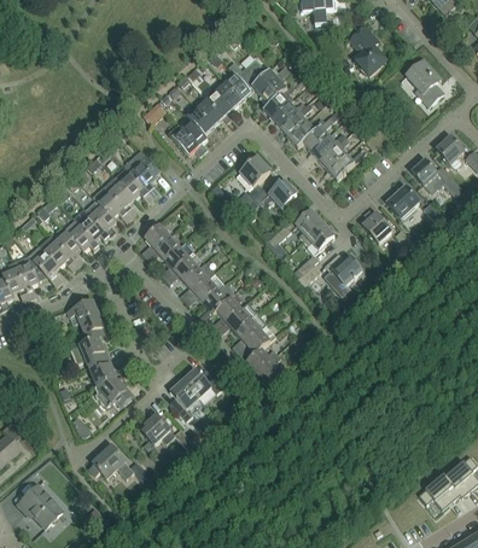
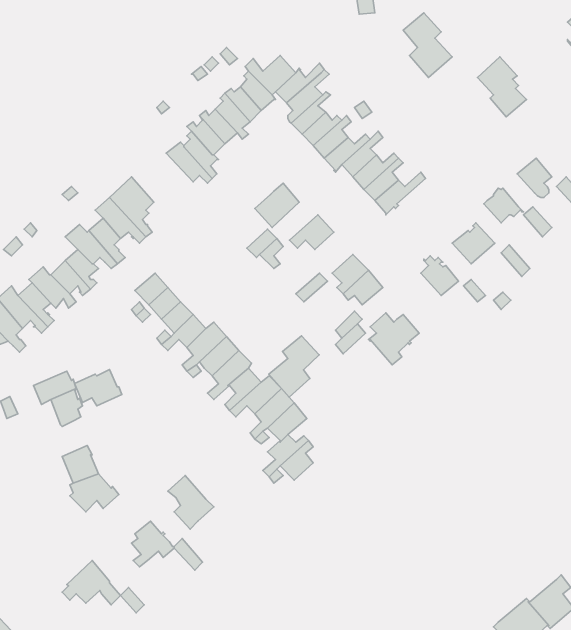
building: none -> [269,336,319,397]
building: [71,337,107,365] -> [75,369,122,406]
building: [182,368,222,397] -> none

